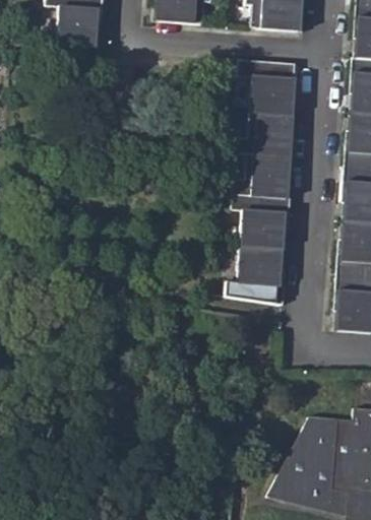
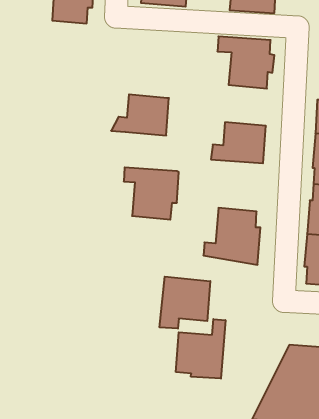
building: [232,114,295,158] -> [111,94,169,135]
building: [231,195,291,252] -> [124,167,179,220]
building: none -> [160,277,210,329]
building: none -> [176,319,225,379]

